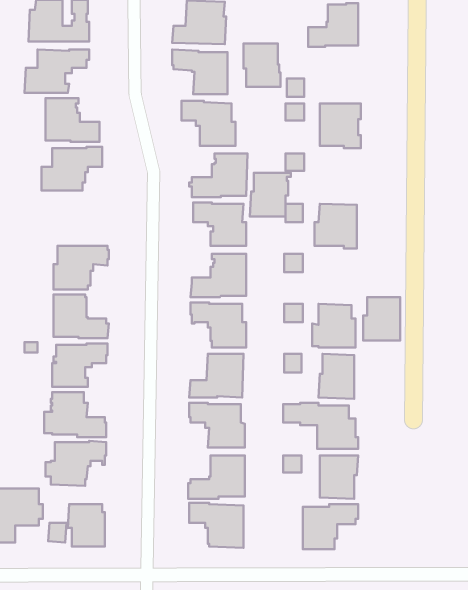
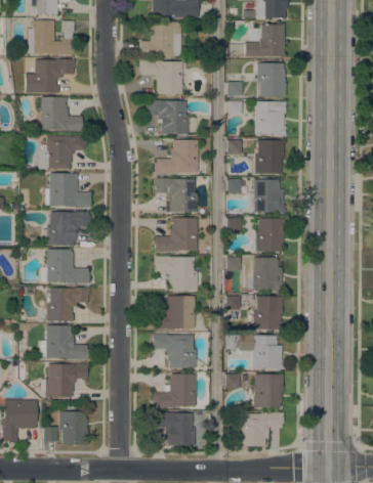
building: [244,43,281,87] -> [257,62,286,96]
building: [250,173,291,216] -> [254,140,286,174]
building: none -> [45,174,90,208]
building: [363,297,400,341] -> [255,218,284,252]

